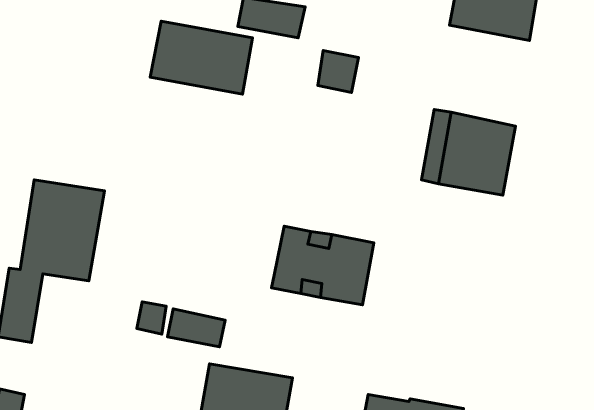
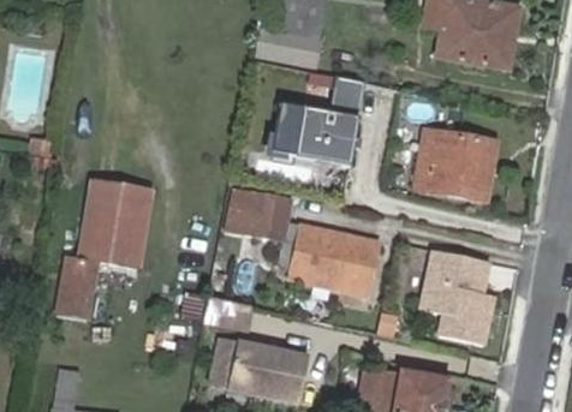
building: [150,21,252,94] -> [269,102,357,165]
building: none -> [226,190,300,267]
building: none -> [423,249,496,342]

